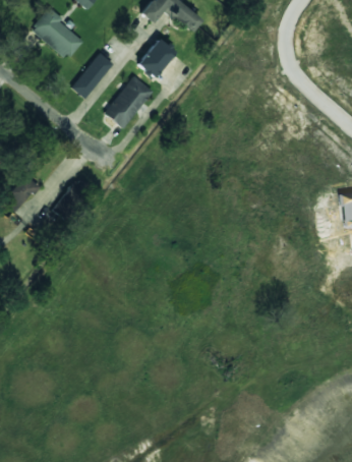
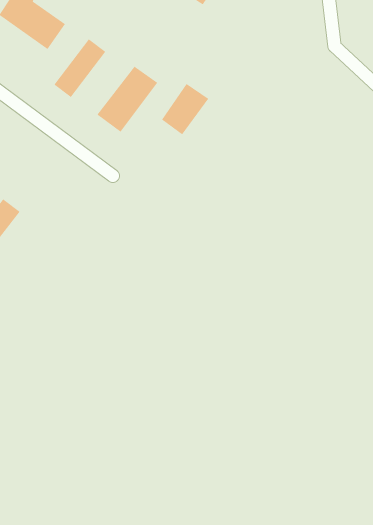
building: [135,38,174,78] -> [161,83,209,135]

